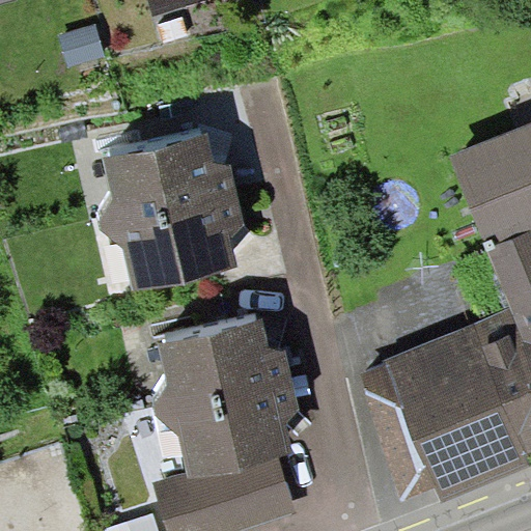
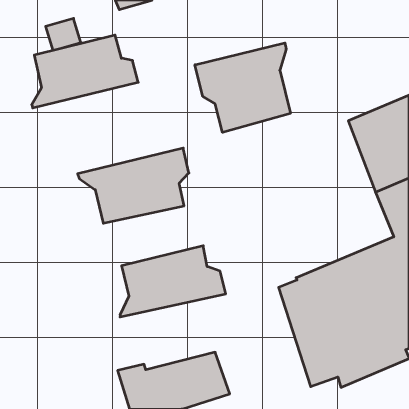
building: none -> [195,43,290,132]
building: [100,131,237,225] -> [32,35,138,108]
building: [156,381,300,479] -> none

